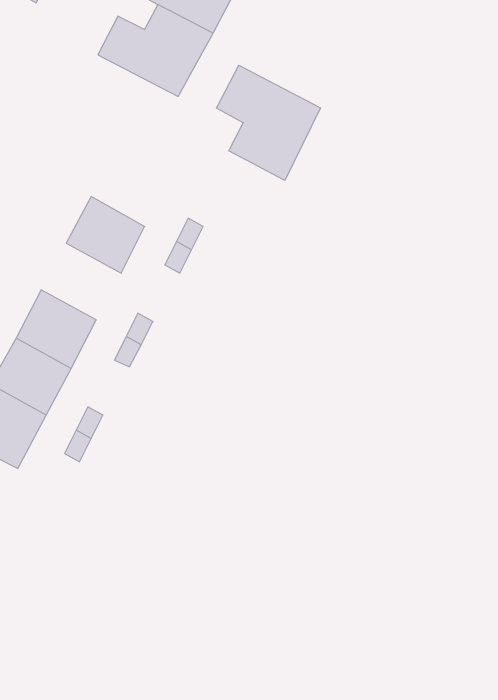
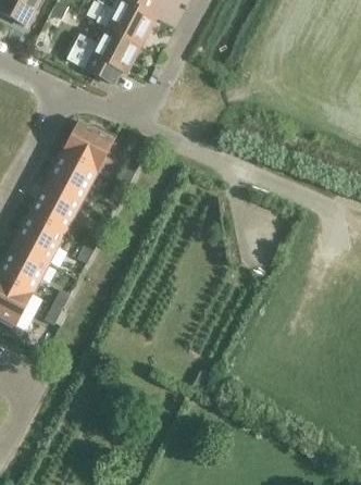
building: [216,65,320,180] -> none
building: none -> [61,120,115,171]
building: none -> [28,182,80,232]

